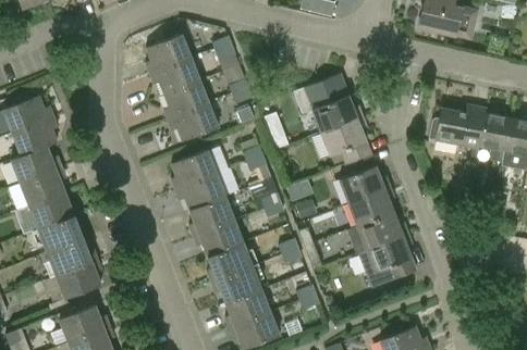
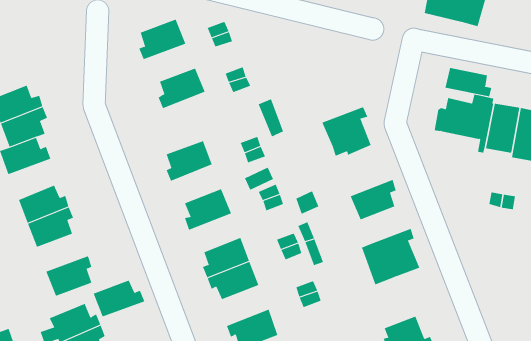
building: [149,58,199,93] -> none
building: none -> [445,67,492,97]
building: [302,83,360,133] -> none
building: [168,103,218,141] -> none
building: [339,154,389,203] -> none
building: [20,167,65,207] -> none
building: [175,173,224,210] -> none
building: [357,213,406,249] -> none
building: [193,220,243,257] -> none
building: [47,239,97,275] -> [93,280,145,317]
building: [224,288,270,327] -> none

